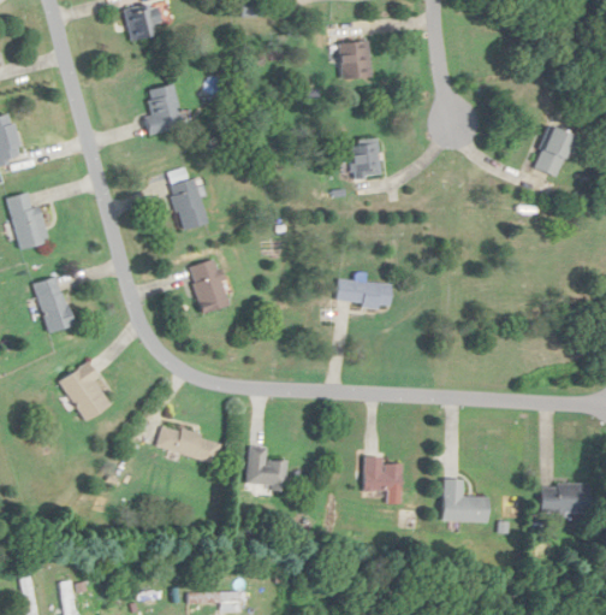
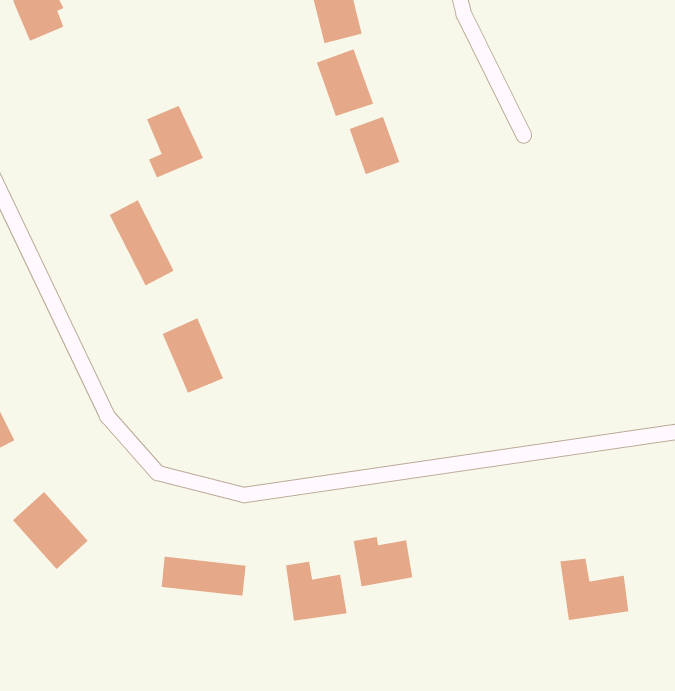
building: [143,84,183,134] -> [146,105,204,178]
building: none -> [316,48,374,117]
building: [534,126,581,176] -> none
building: [337,280,388,306] -> none
building: [363,456,402,490] -> [353,537,413,587]

